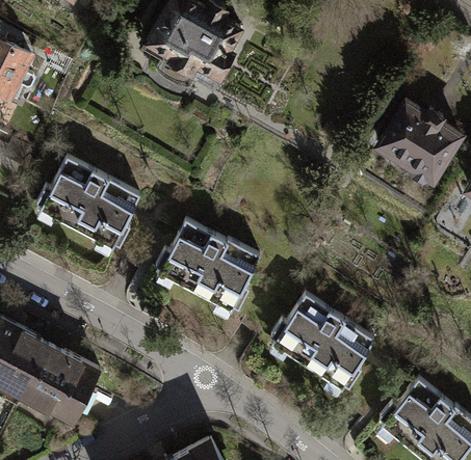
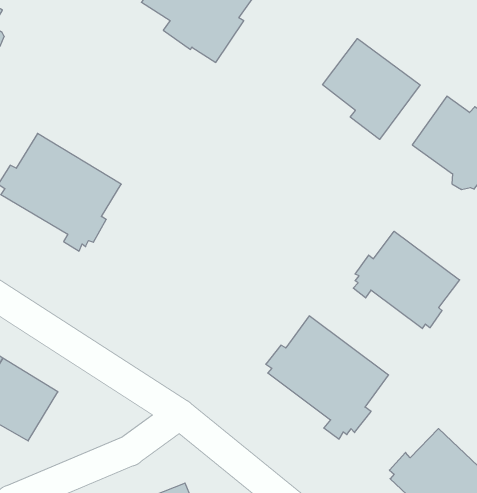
building: none -> [323,39,420,139]
building: none -> [353,231,460,329]
building: [155,220,258,318] -> none

